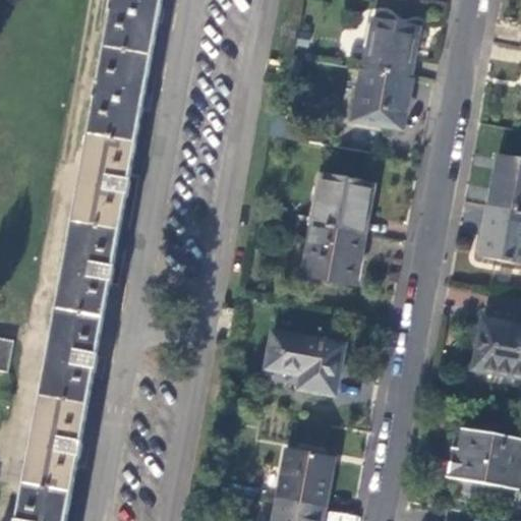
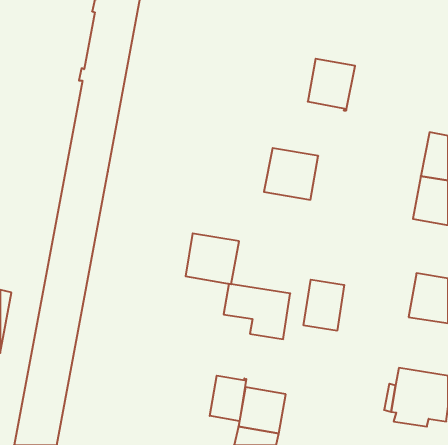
building: [366,18,421,76] -> none
building: [298,223,360,282] -> [186,233,239,284]
building: none -> [304,280,344,331]
building: none -> [210,376,246,421]

